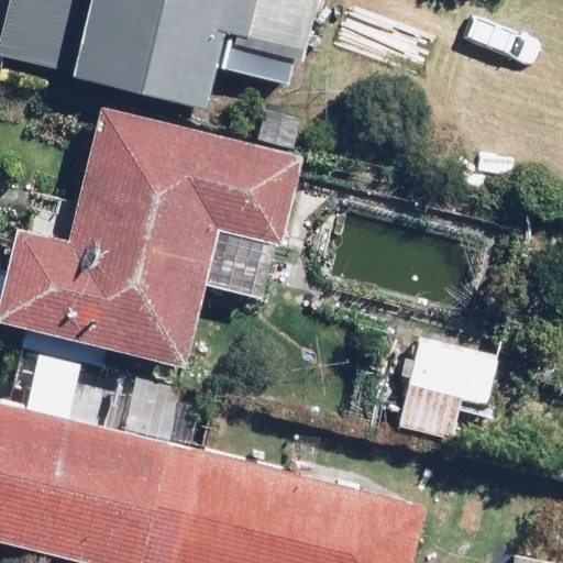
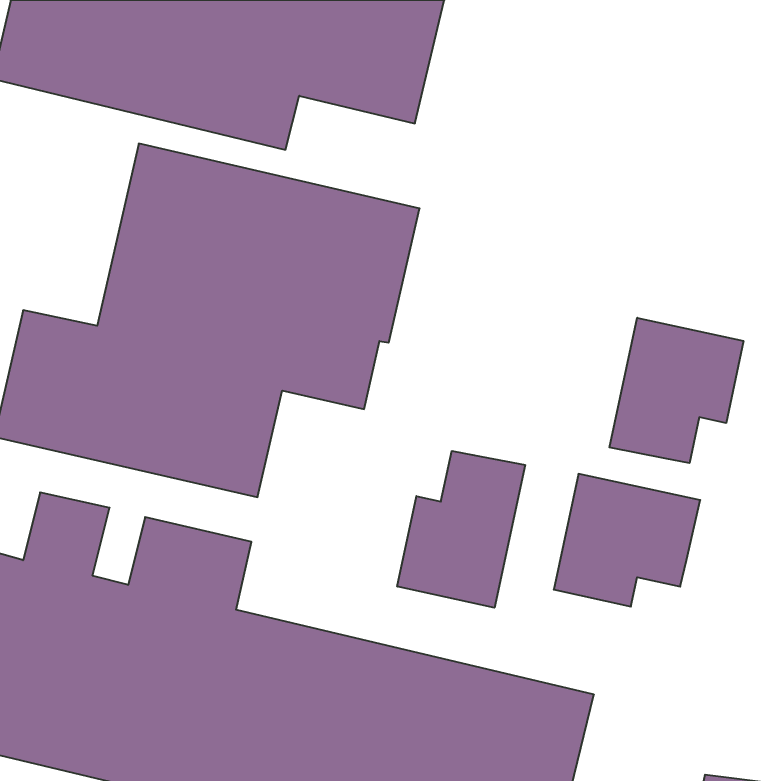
building: none -> [609,318,743,463]
building: none -> [397,451,525,608]

